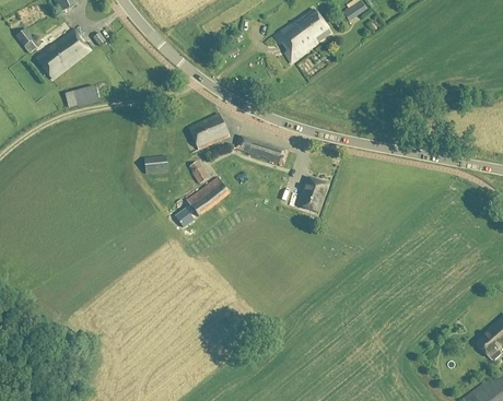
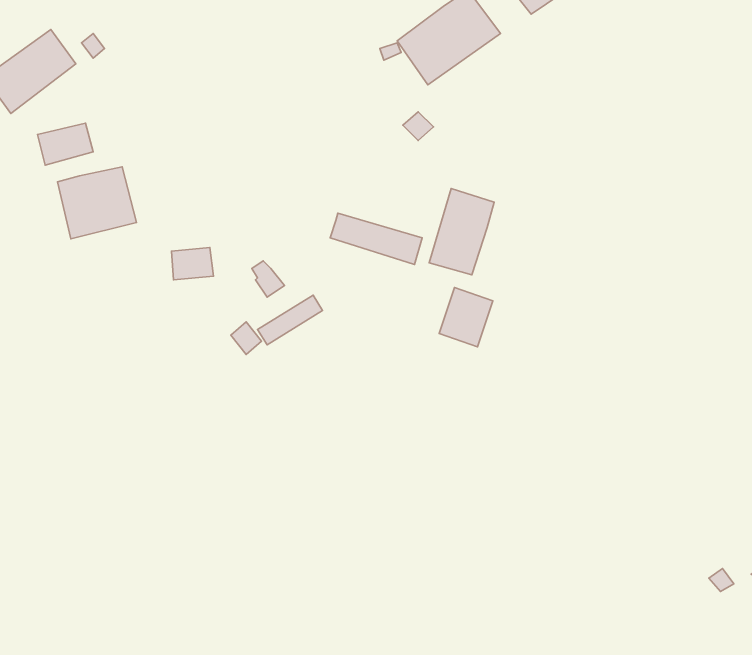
building: none -> [57,167,136,239]
building: [189,114,229,149] -> none
building: none -> [429,188,494,275]

